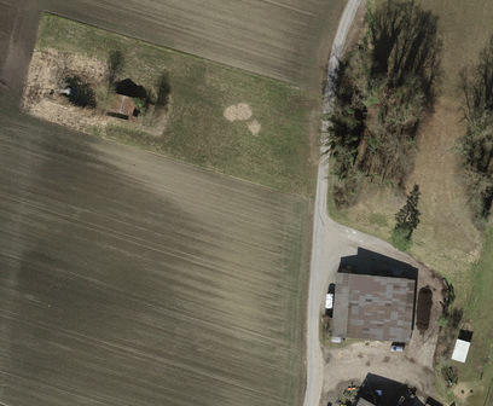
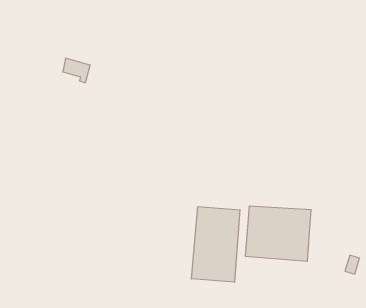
building: none -> [191,207,240,282]

